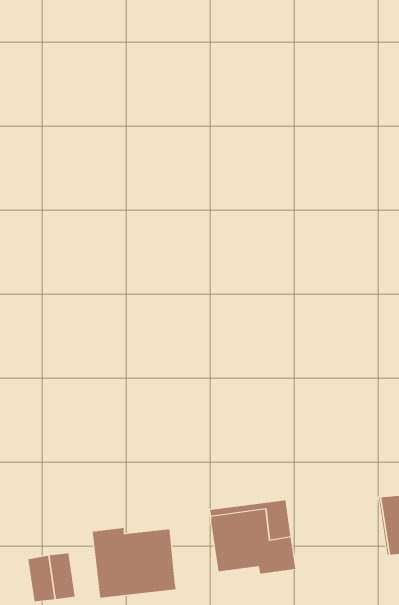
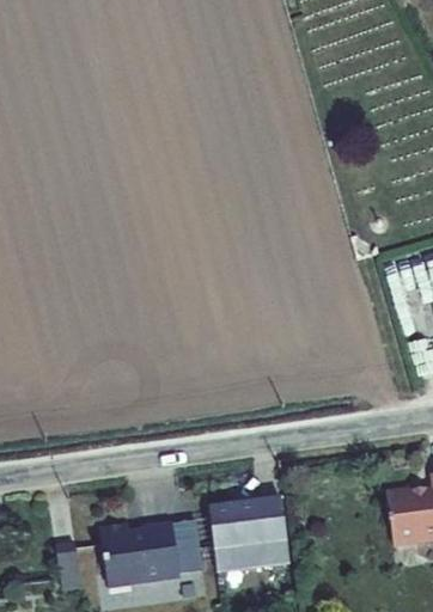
building: none -> [177,519,207,571]

